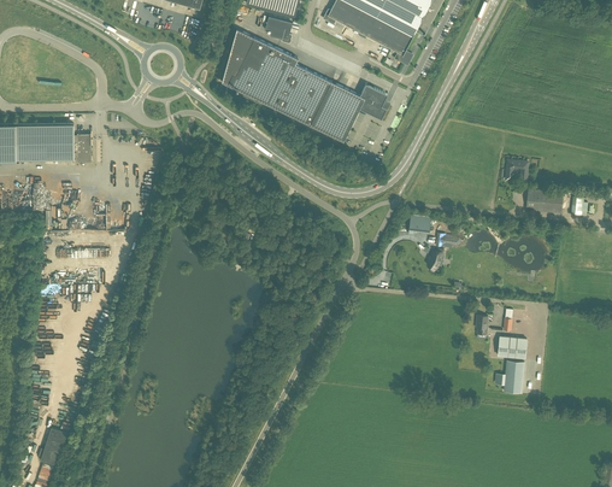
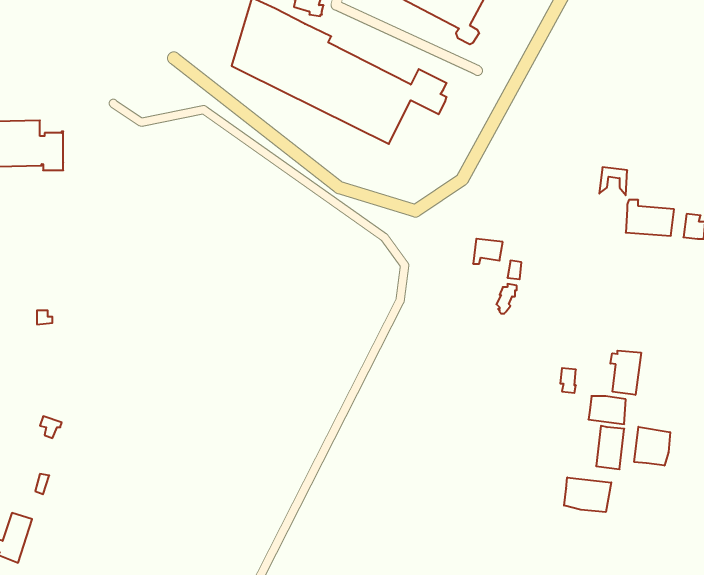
building: none -> [610,351,641,395]
building: none -> [634,427,670,466]
building: none -> [564,477,611,512]

